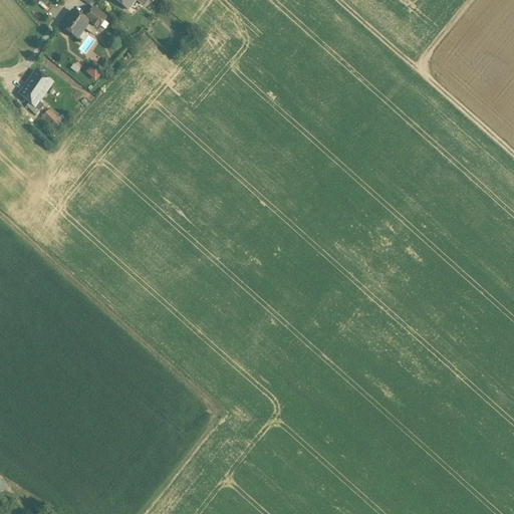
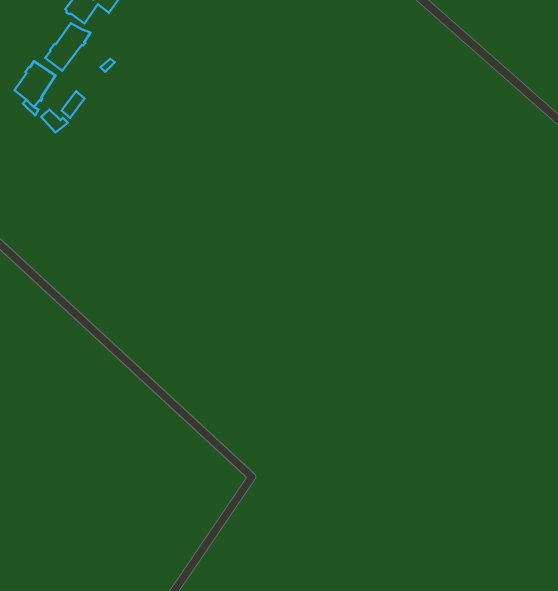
building: none -> [45,23,90,71]

